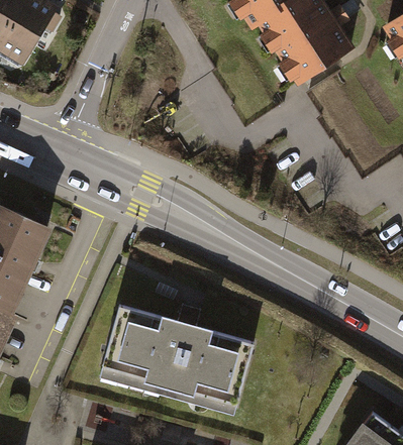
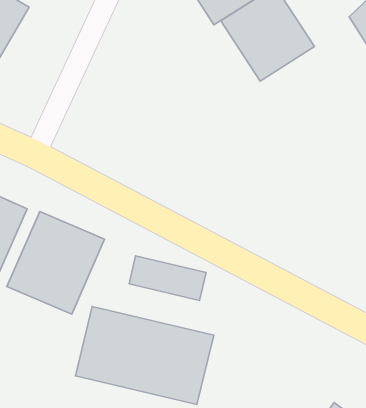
building: none -> [7,212,105,314]
building: none -> [129,256,206,301]

